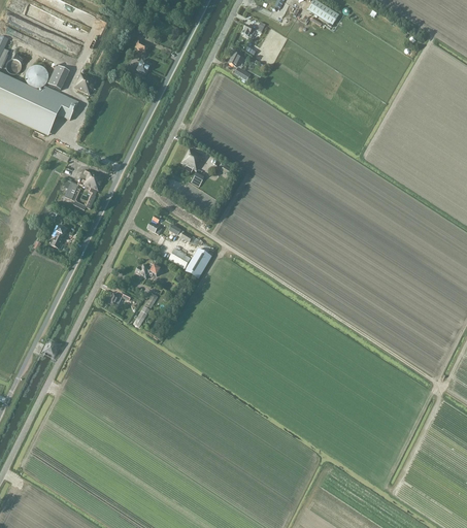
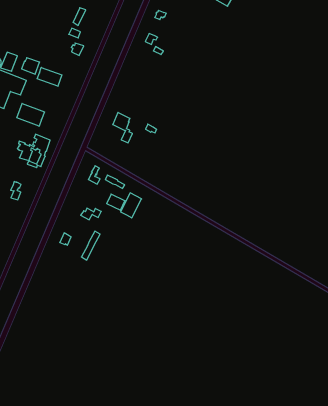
building: none -> [37,67,62,86]
building: none -> [17,103,44,126]

